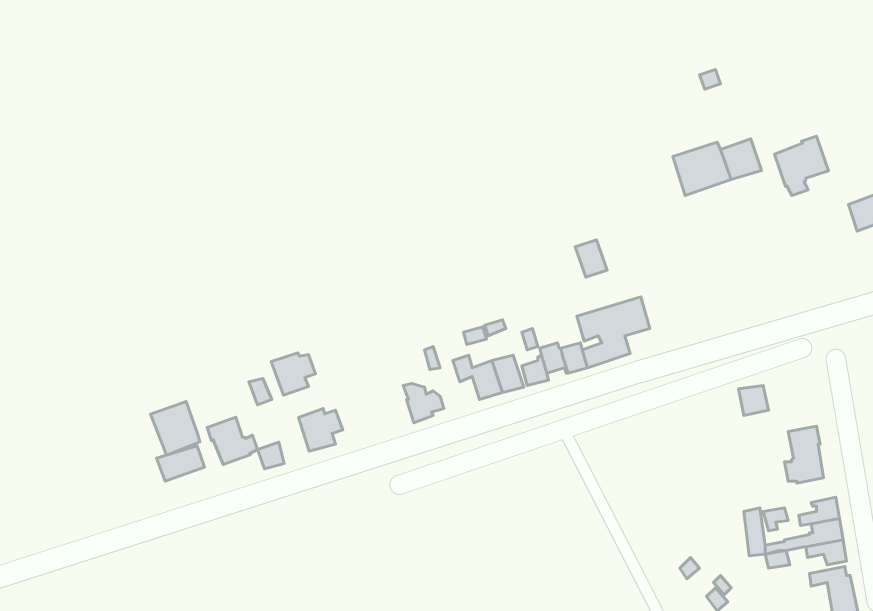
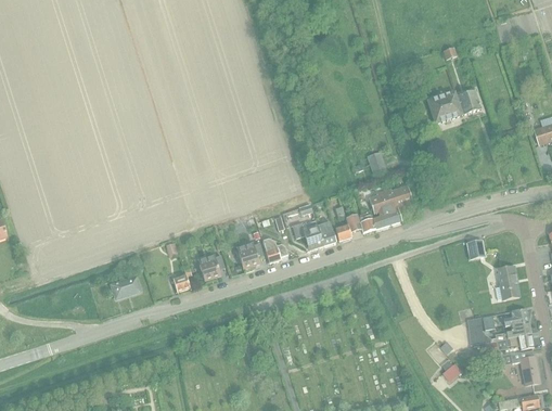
building: [774,136,829,196] -> none
building: [271,353,315,395] -> [235,242,262,268]
building: [151,401,200,455] -> none
building: [207,417,258,464] -> none

